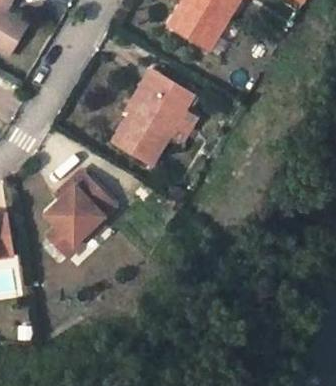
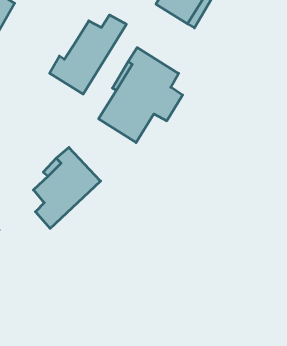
building: none -> [50,15,126,94]

